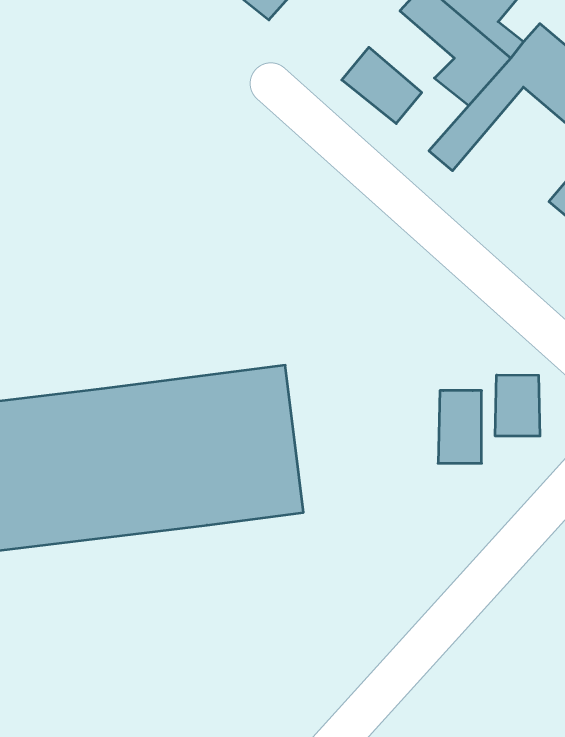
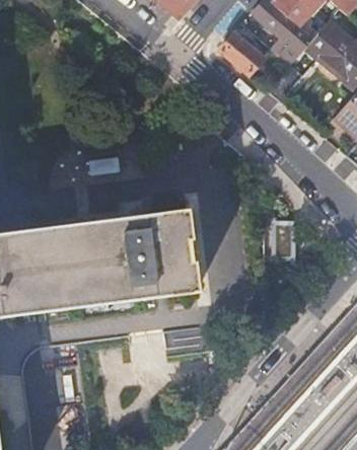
building: [495,375,540,436] -> none

